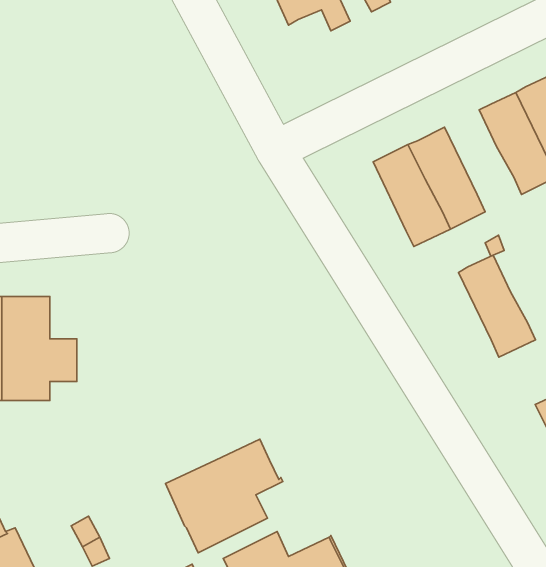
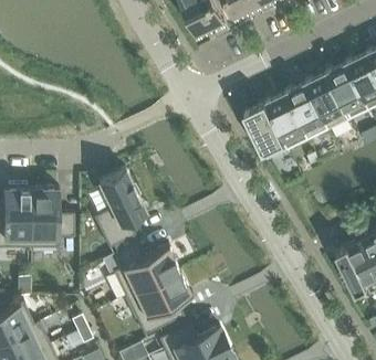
building: [458,255,535,357] -> [285,82,330,140]
building: none -> [94,169,146,248]
building: none -> [113,243,179,296]

